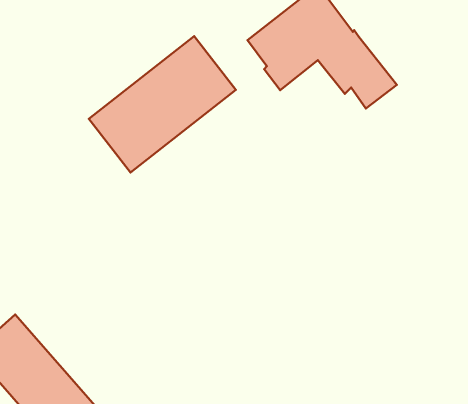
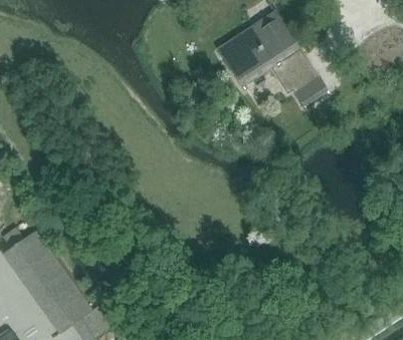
building: [89,36,236,172] -> none

